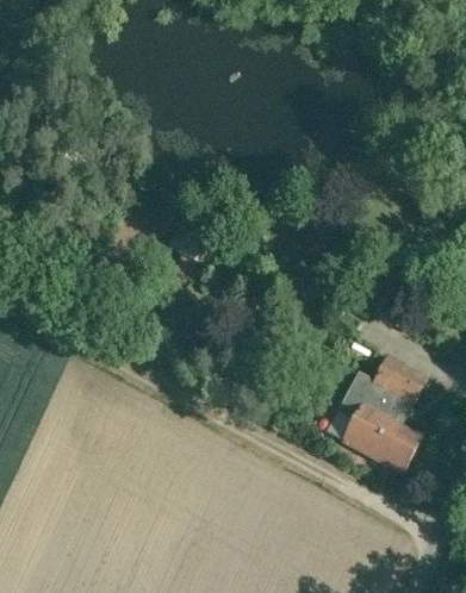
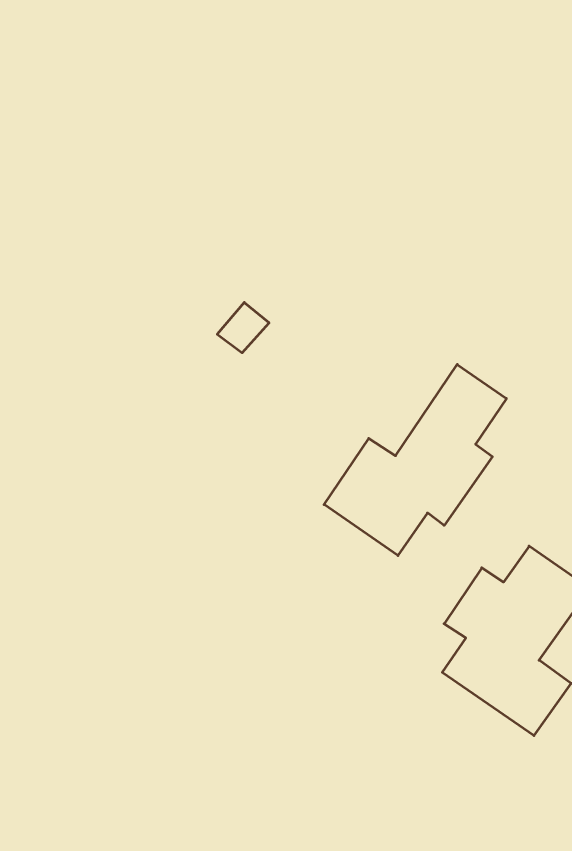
building: none -> [324,364,506,556]

